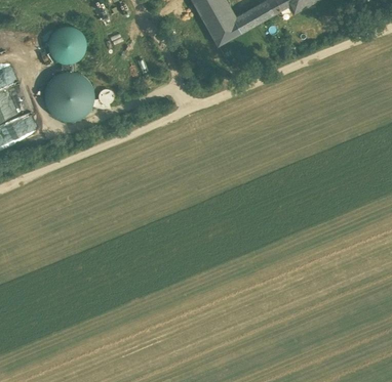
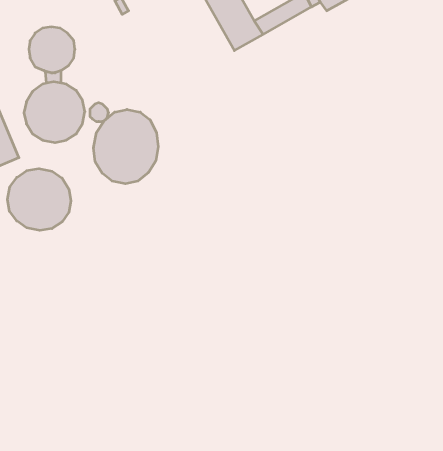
building: none -> [94,109,158,184]
building: none -> [7,169,71,230]

